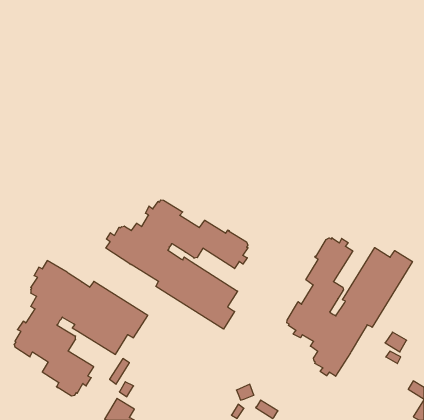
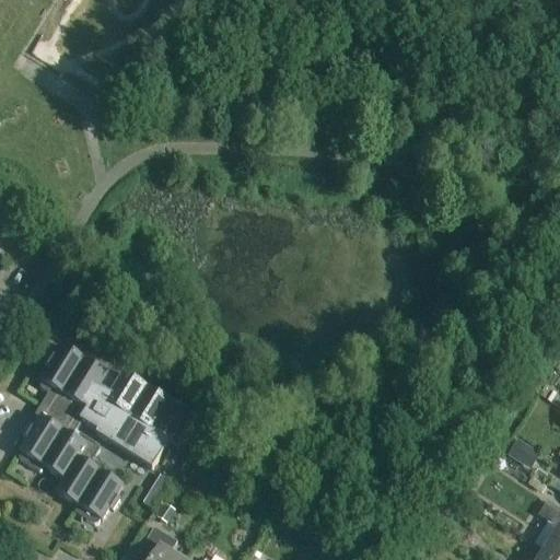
building: [106,200,248,329] -> none
building: [287,238,412,376] -> none

